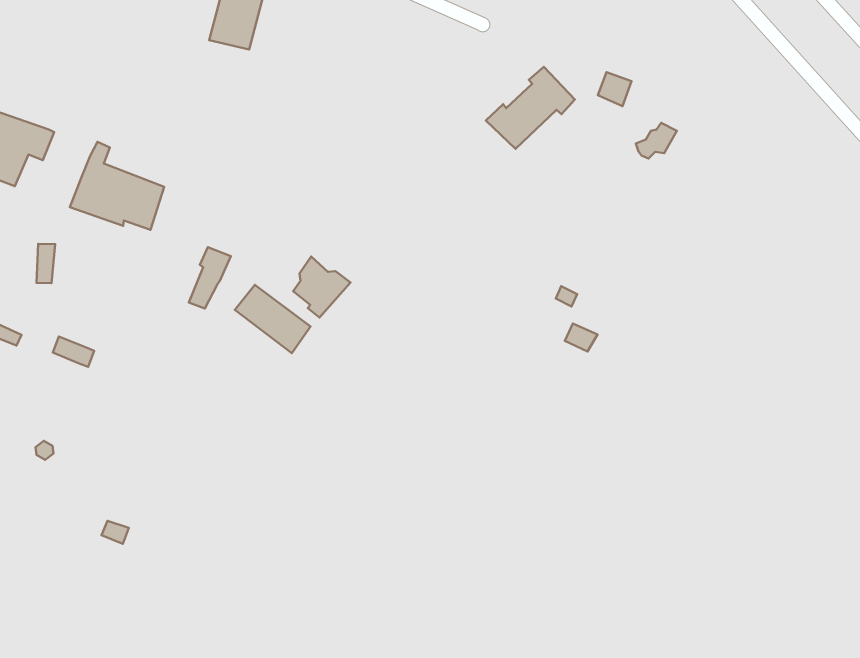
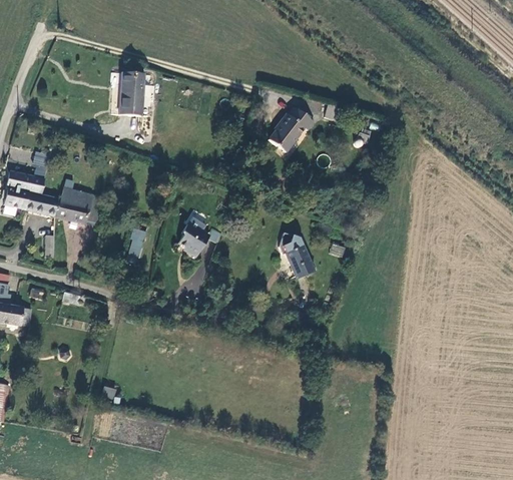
building: none -> [23,191,58,216]
building: [235,285,311,353] -> none
building: none -> [284,233,318,280]

